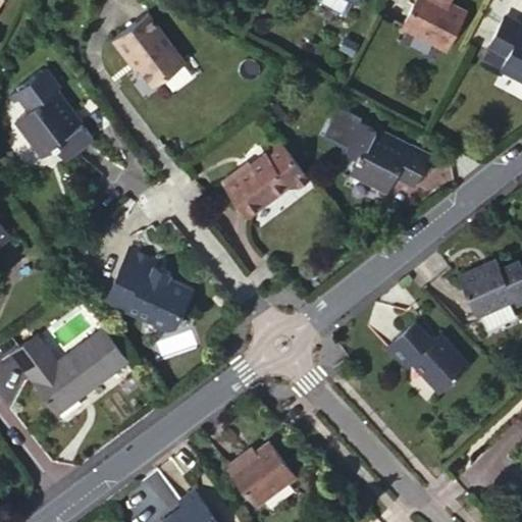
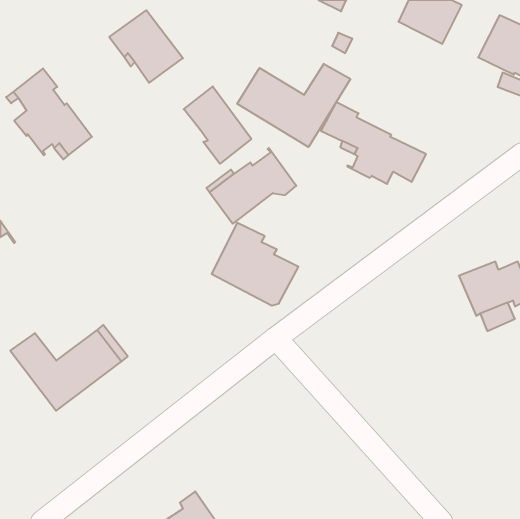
building: none -> [237,64,350,147]
building: none -> [184,86,251,164]
building: [103,249,190,331] -> [212,223,298,306]
building: [387,323,469,394] -> none
building: [228,446,298,510] -> none

